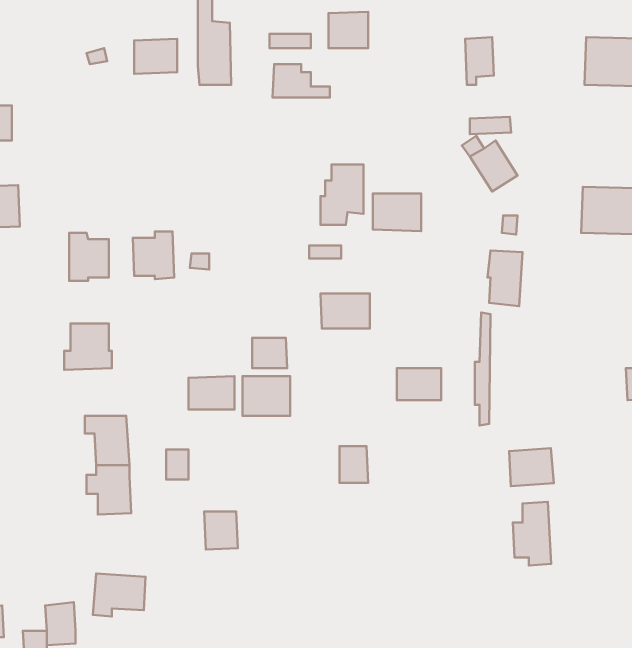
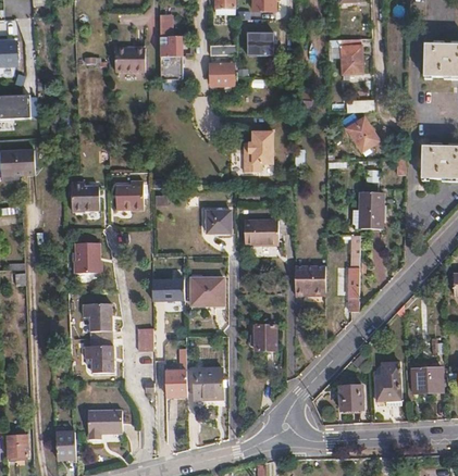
building: [373,194,421,231] -> none
building: [252,338,287,368] -> [205,211,228,231]
building: [509,448,554,486] -> [411,367,442,393]
building: none -> [195,366,223,396]
building: none -> [337,386,360,411]

